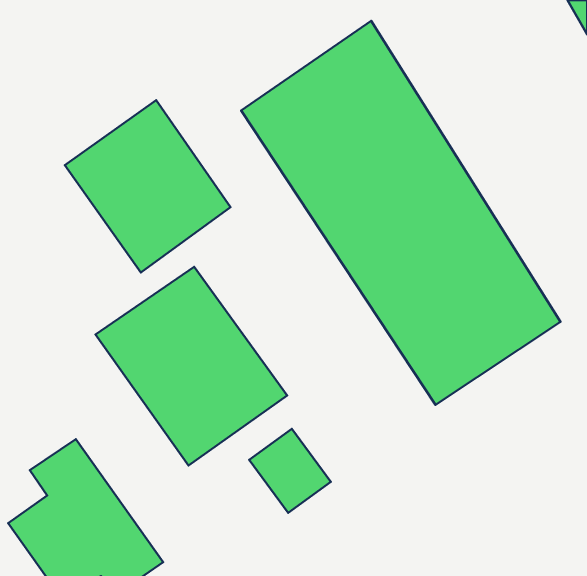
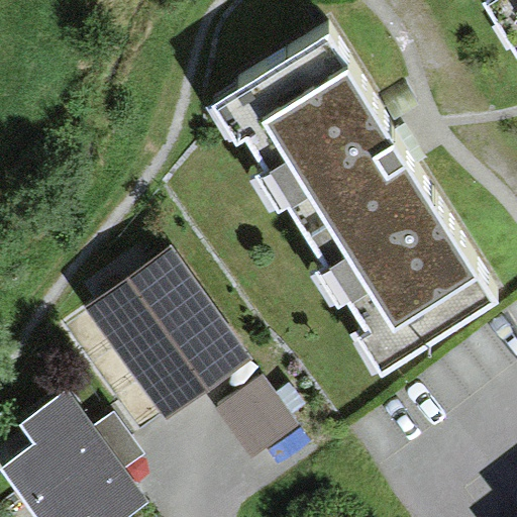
building: [65,100,230,273] -> none

